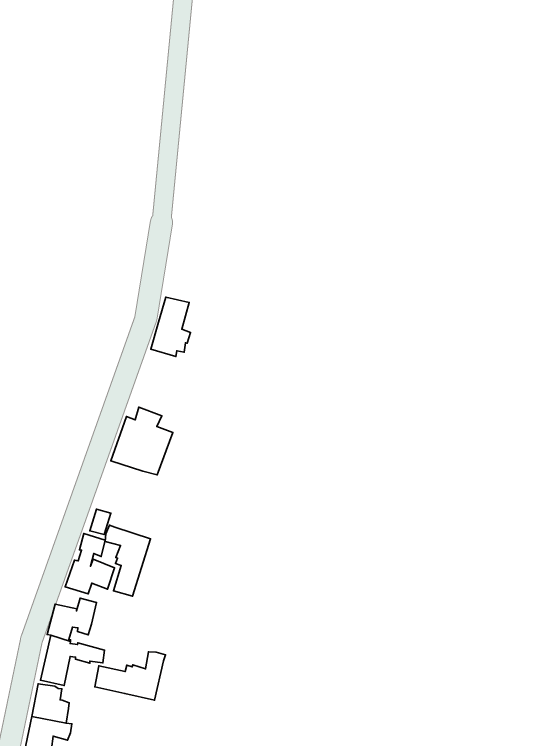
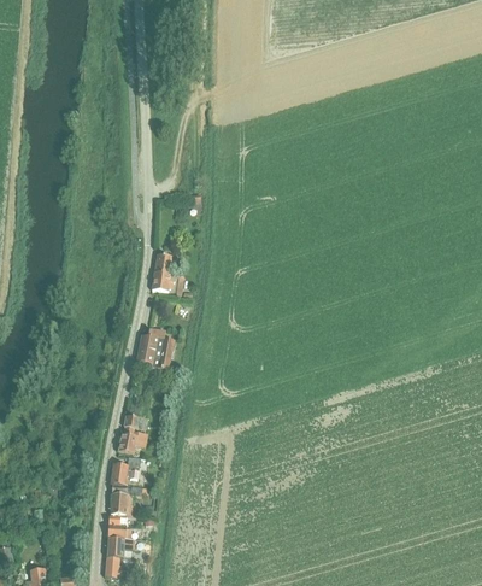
building: [105,525,151,596] -> none
building: [95,652,165,700] -> none

